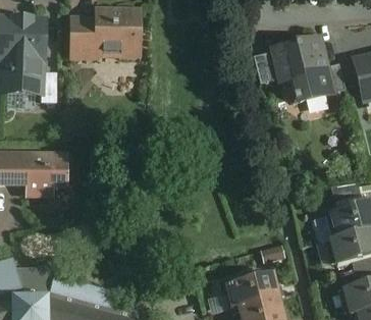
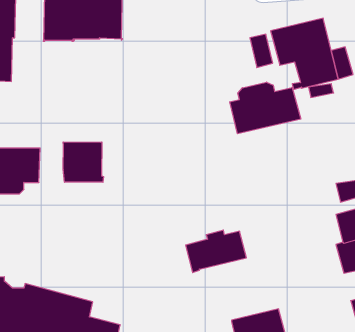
building: none -> [230,82,301,134]
building: none -> [63,142,103,182]
building: [224,271,278,309] -> [186,230,246,273]

